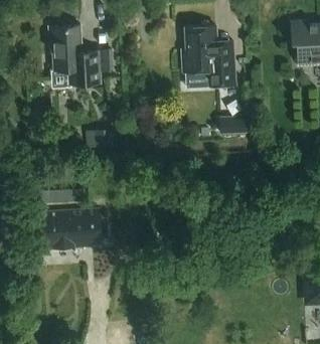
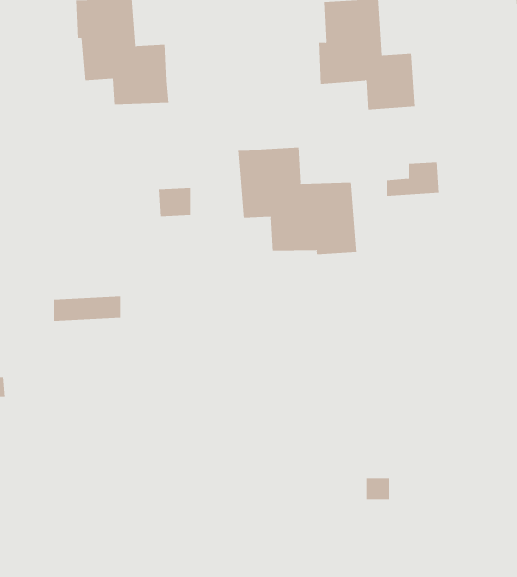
building: none -> [238,147,357,255]
building: [38,210,107,250] -> none

